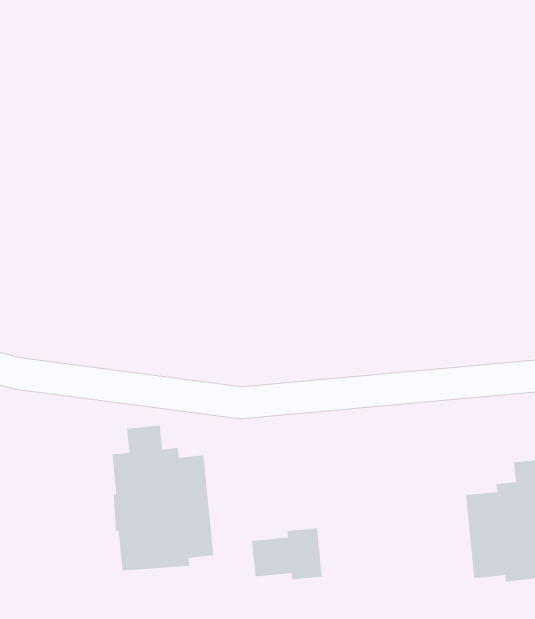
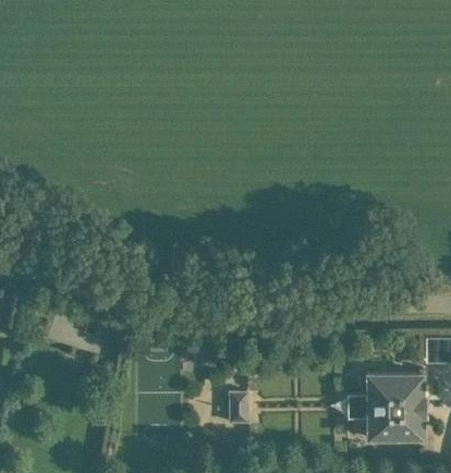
building: [112,425,214,571] -> none

